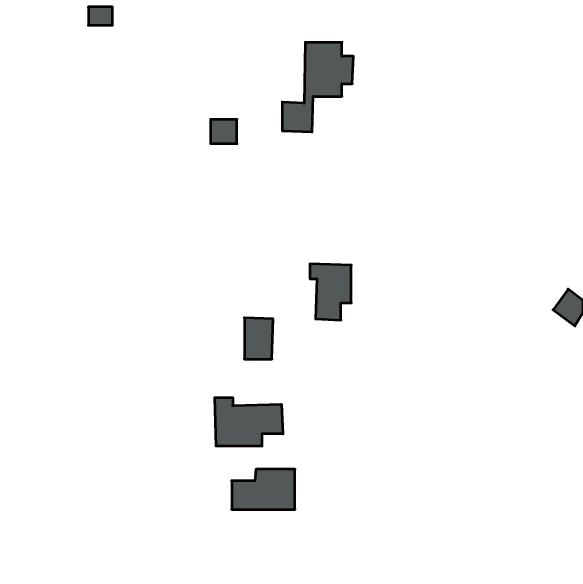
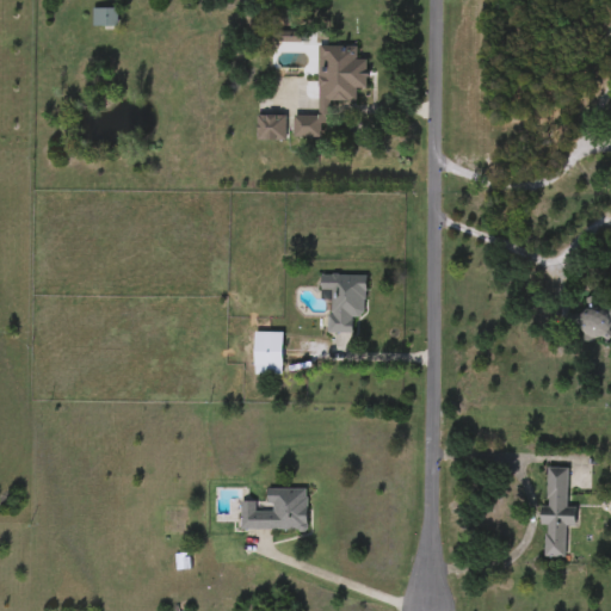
building: [211,119,237,144] -> [257,115,284,140]
building: [215,398,283,446] -> none
building: none -> [544,467,573,557]

